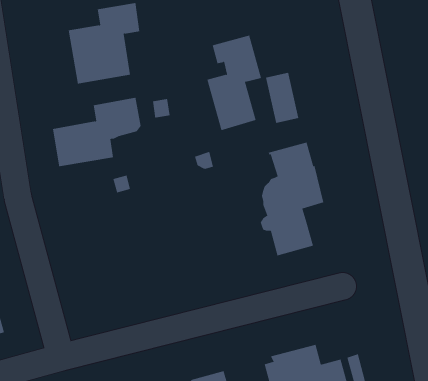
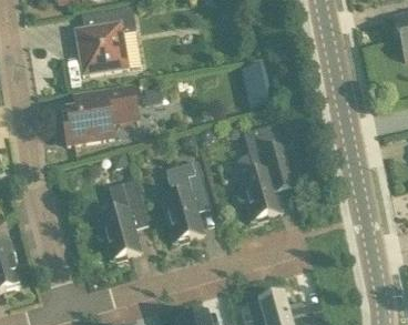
building: [206,35,262,131] -> [161,160,207,241]
building: none -> [95,179,145,257]

